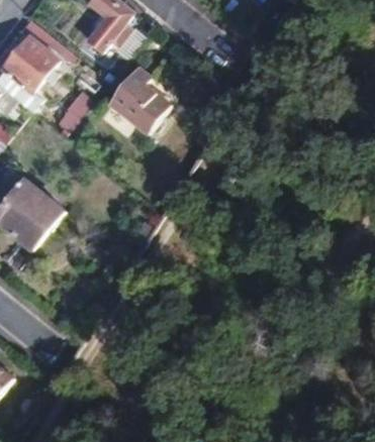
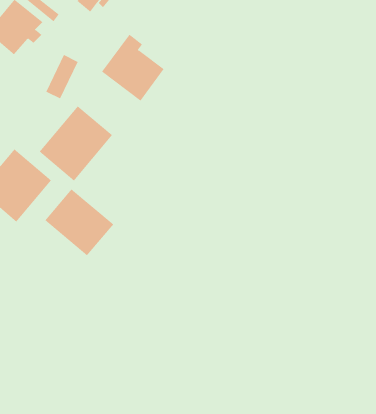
building: none -> [39,105,113,182]
building: none -> [44,188,114,256]

